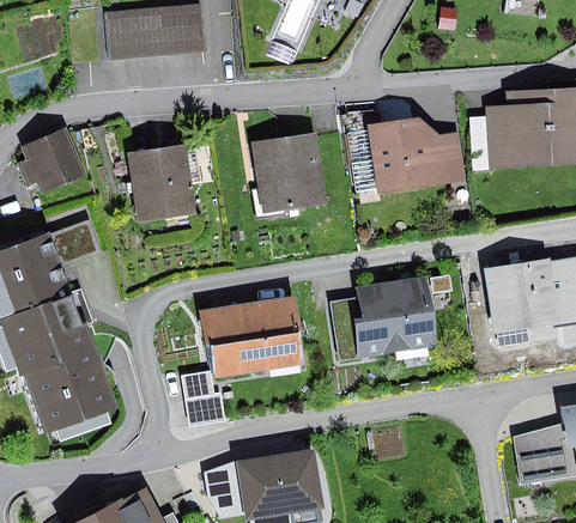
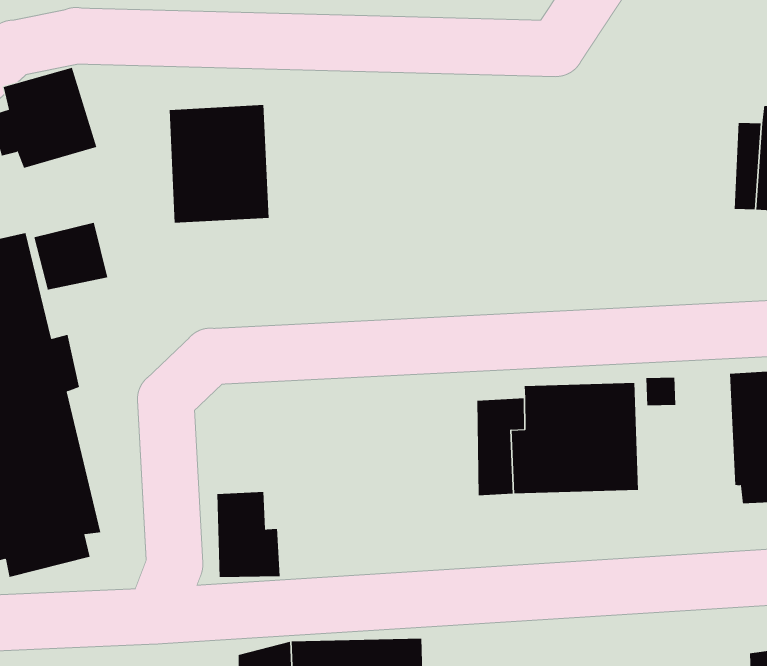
building: [352,118,463,195] -> none
building: [253,128,328,207] -> none
building: [202,297,304,379] -> none

